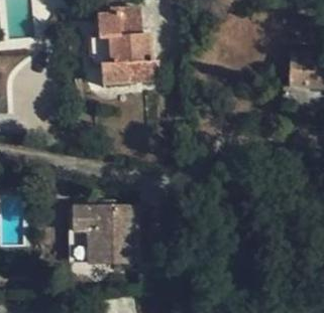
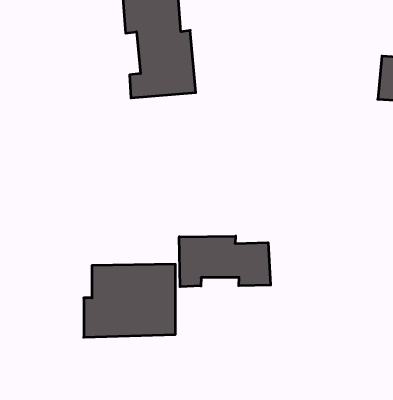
building: none -> [179,236,271,287]

